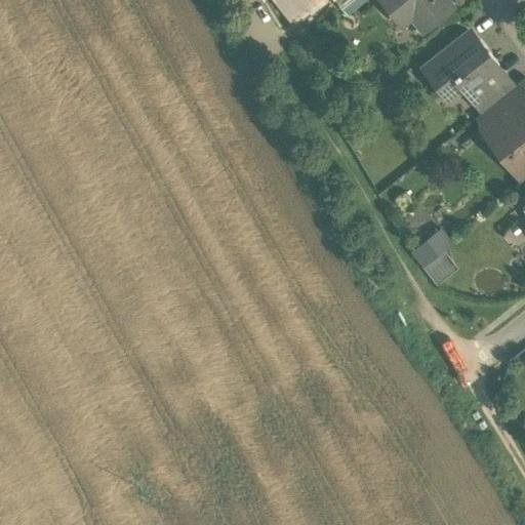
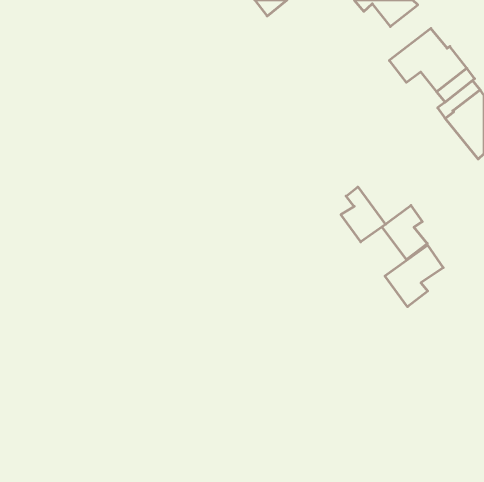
building: none -> [341,187,386,242]
building: none -> [385,245,443,307]

